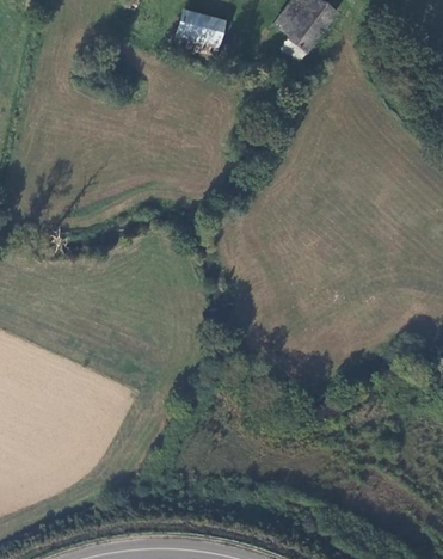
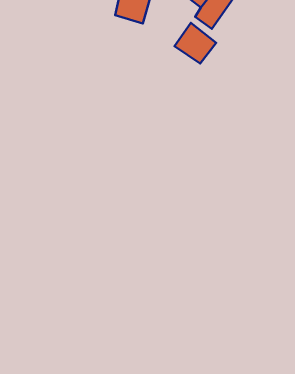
building: none -> [174,23,216,64]

